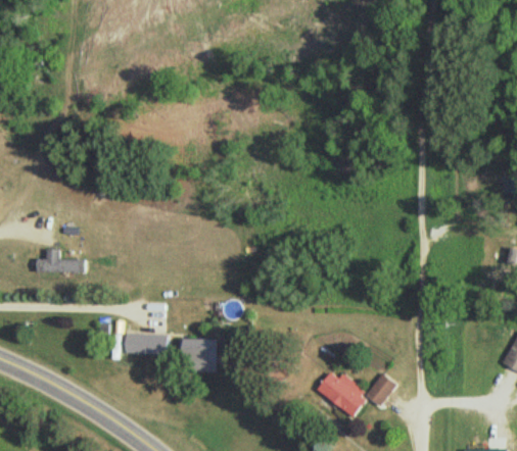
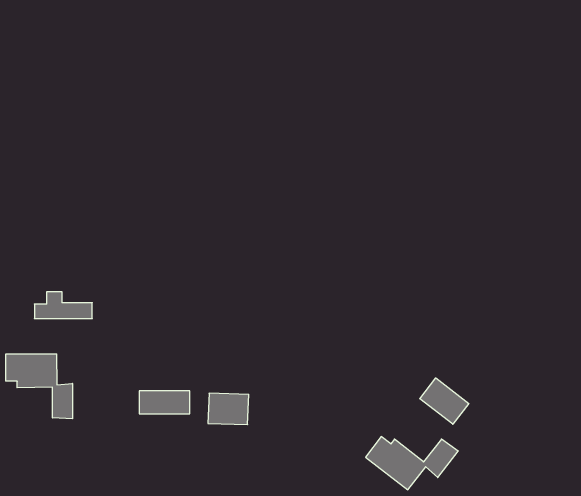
building: none -> [6,354,72,419]
building: none -> [420,378,469,424]

